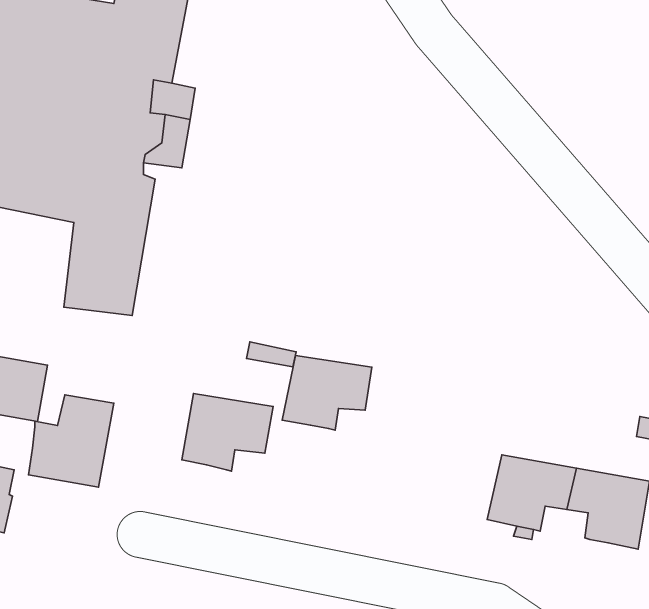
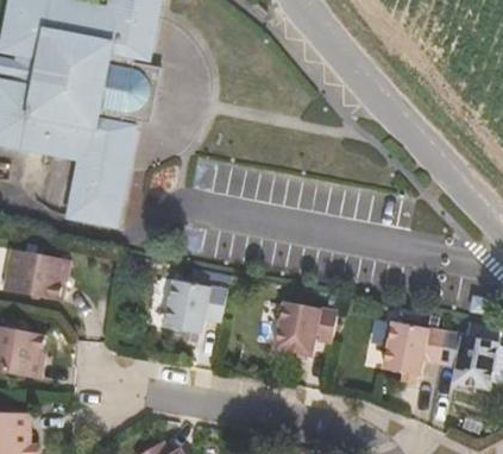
building: [282,356,372,430] -> [268,308,332,361]
building: [29,395,114,487] -> none

